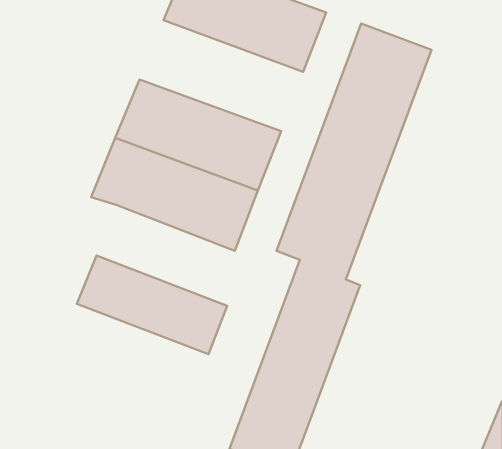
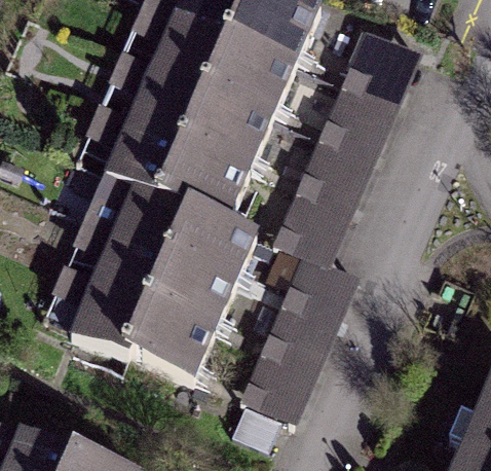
building: none -> [147,25,300,129]
building: none -> [107,197,248,292]
building: none -> [71,290,212,384]

